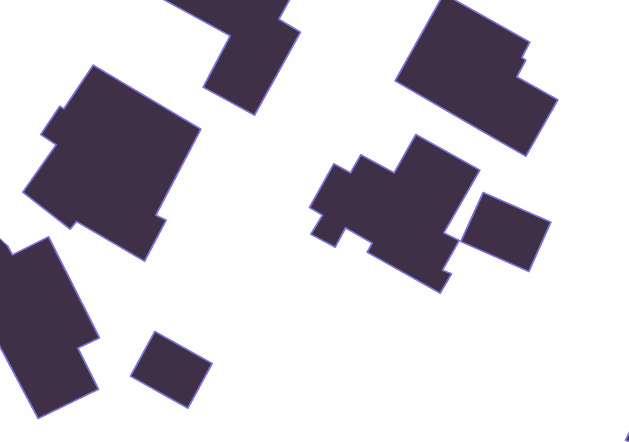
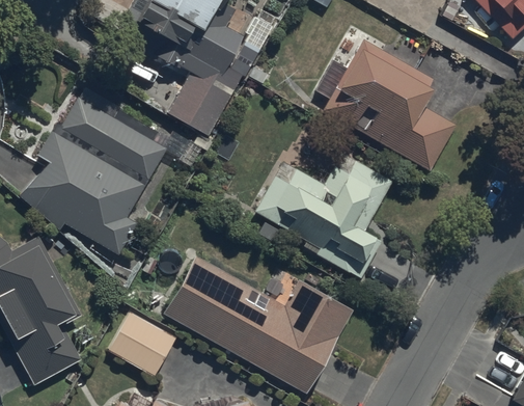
building: [461,192,551,271] -> none
building: none -> [162,253,351,393]

